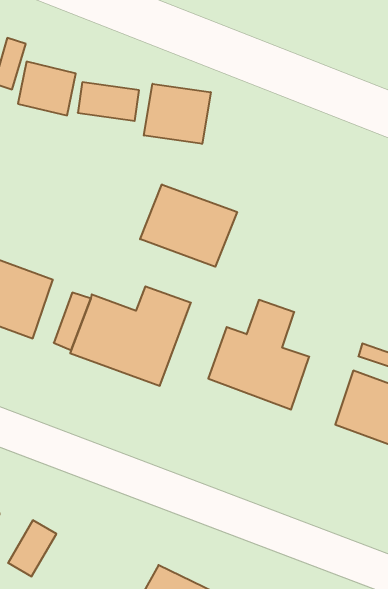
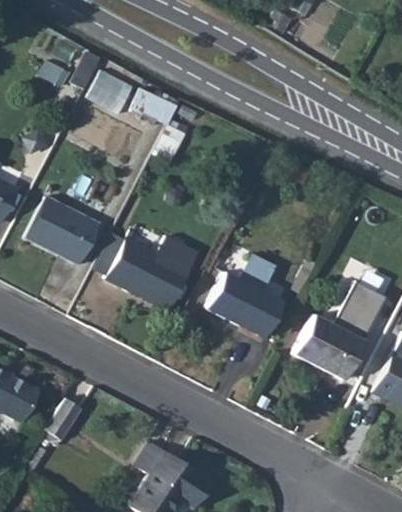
building: [144,84,211,144] -> none
building: [140,184,237,267] -> none

